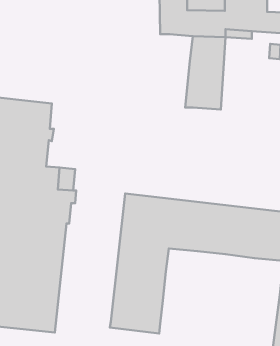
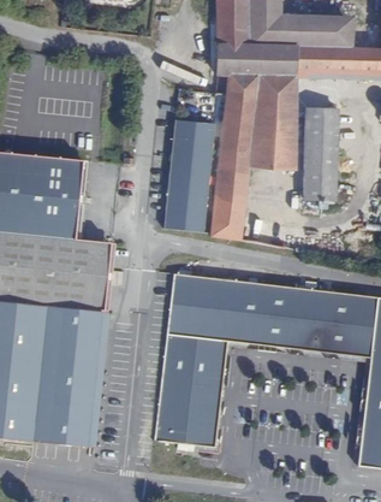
building: none -> [210,73,257,240]
building: none -> [303,108,338,202]
building: none -> [163,119,215,234]

